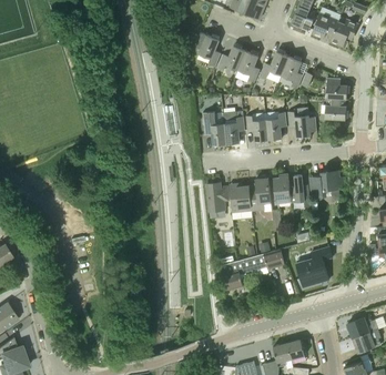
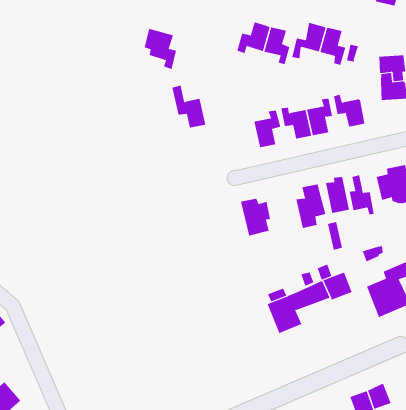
building: [195,32,221,67] -> [144,28,177,70]
building: [203,111,226,145] -> [172,85,206,128]
building: [230,183,252,212] -> none

